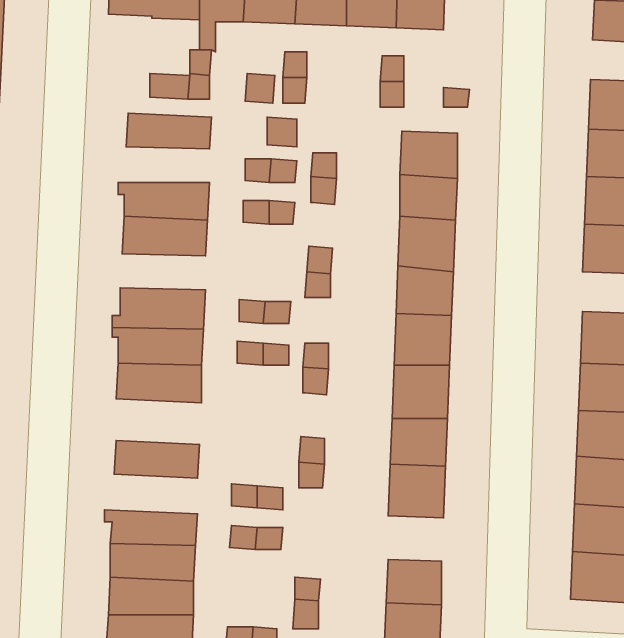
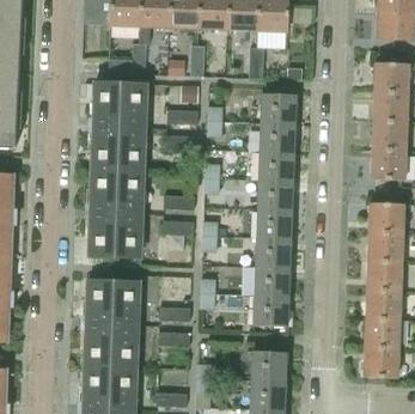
building: none -> [90,103,145,124]
building: none -> [91,168,142,189]
building: none -> [81,300,138,324]

